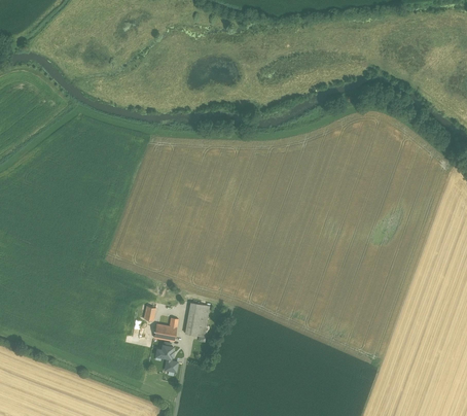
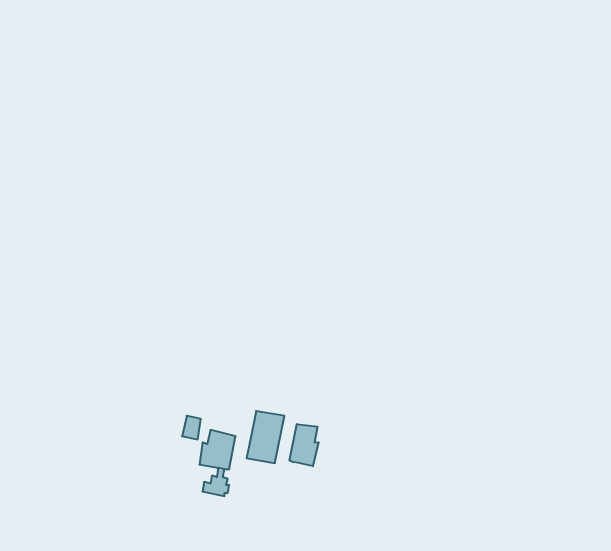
building: none -> [290,424,319,466]

